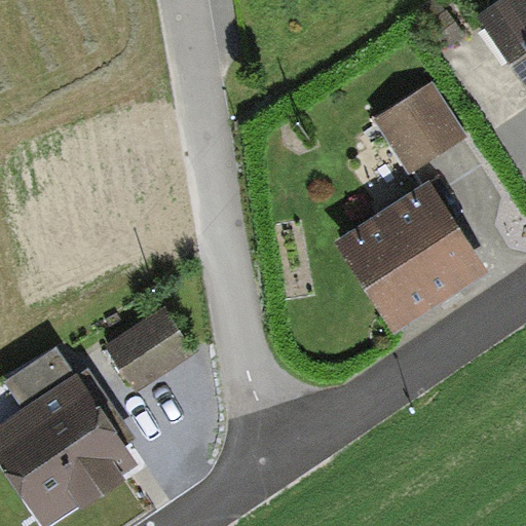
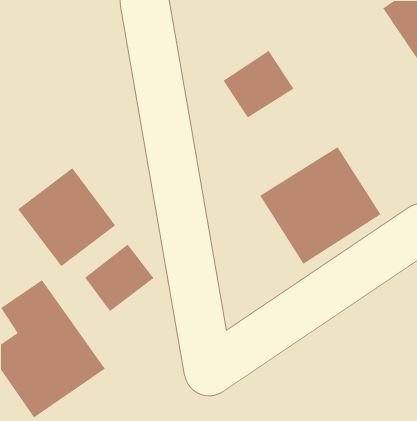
building: [373,86,462,172] -> [223,50,294,118]
building: none -> [17,167,116,267]

